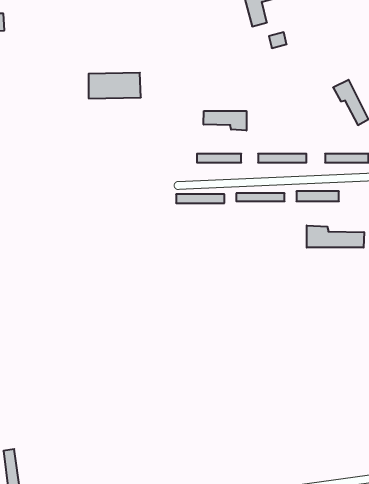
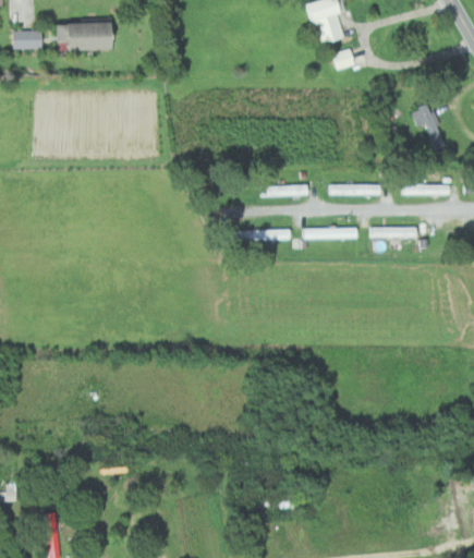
building: [89,73,141,98] -> [60,23,118,51]
building: [204,111,246,131] -> none
building: [307,225,364,248] -> none

